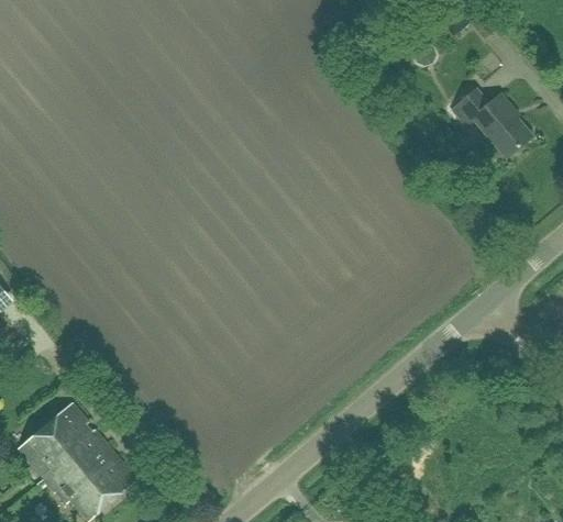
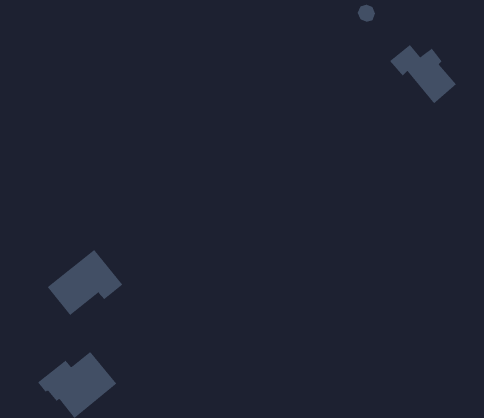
building: [18,401,106,478] -> [47,249,123,316]

